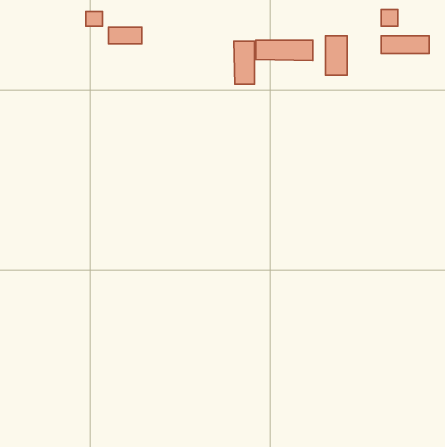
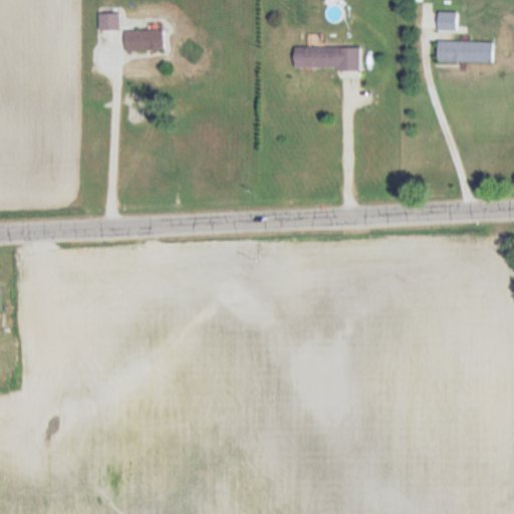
building: [325,36,347,75] -> none
building: [234,41,255,84] -> none

